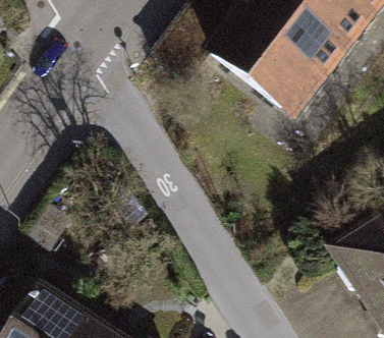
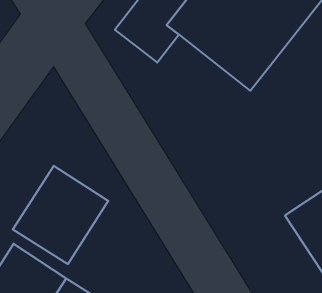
building: none -> [13,166,108,264]

